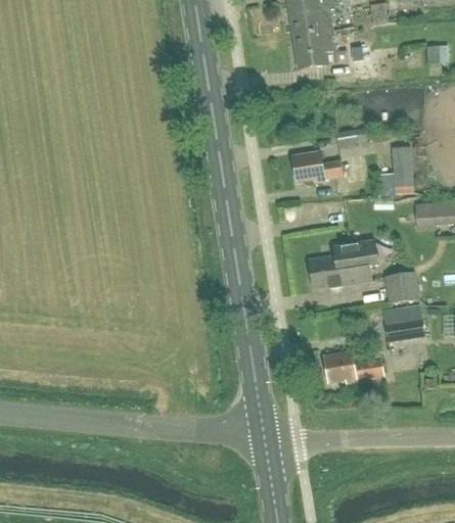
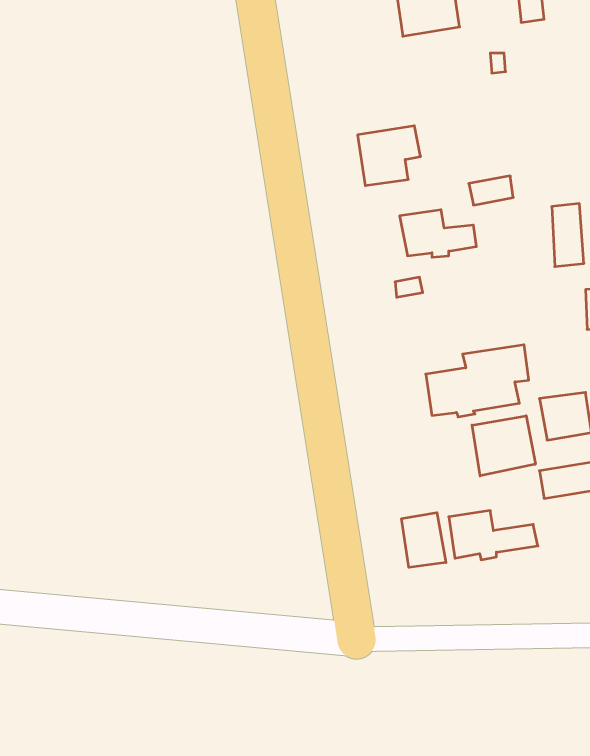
building: [293,29,335,68] -> [358,126,421,186]
building: none -> [472,416,535,476]
building: none -> [402,513,446,567]

